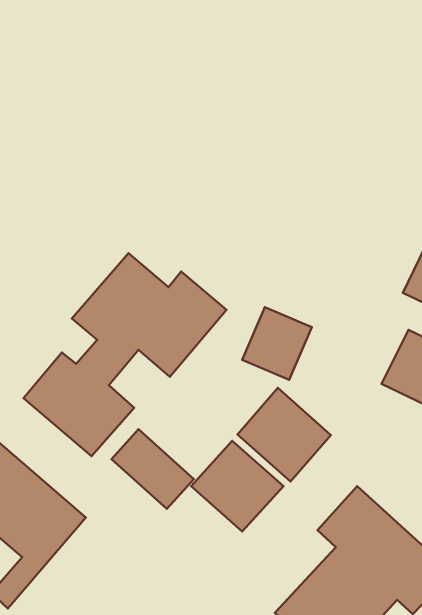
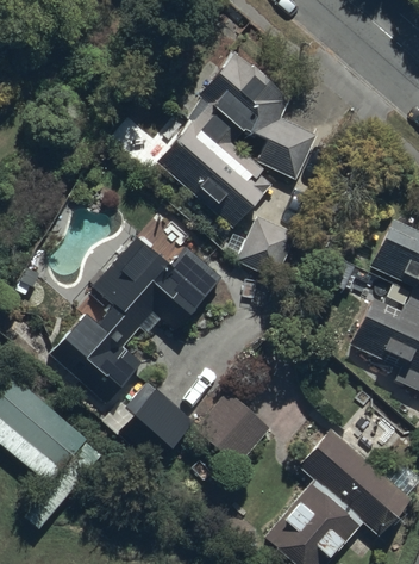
building: none -> [150,50,317,229]
building: [242,307,312,380] -> [238,213,296,274]
building: [238,388,331,482] -> none

